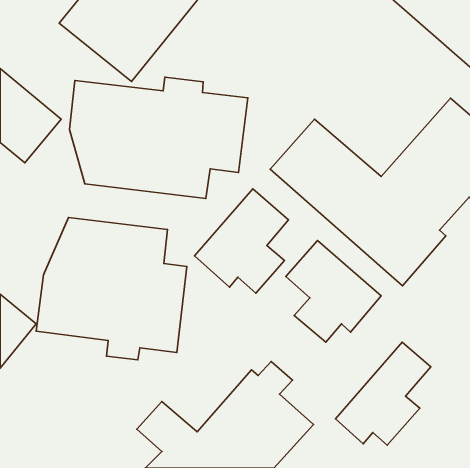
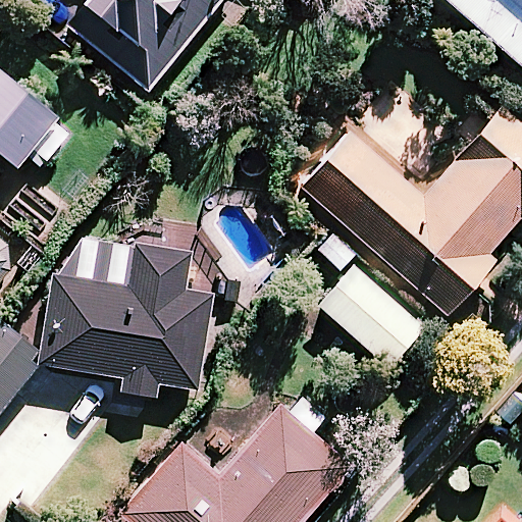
building: [69,77,248,199] -> none
building: [194,189,289,293] -> none
building: [335,342,431,445] -> none

